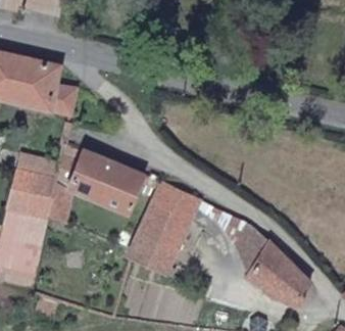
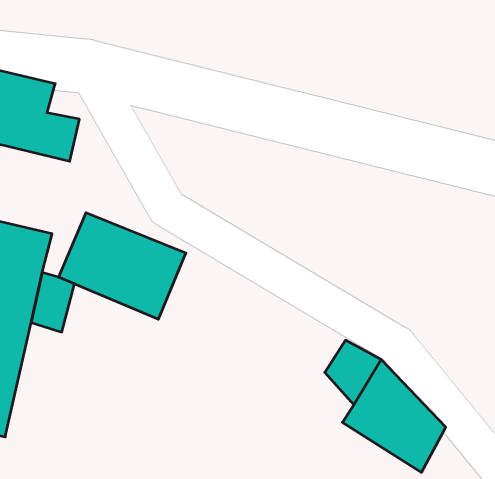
building: [126,188,199,278] -> none

